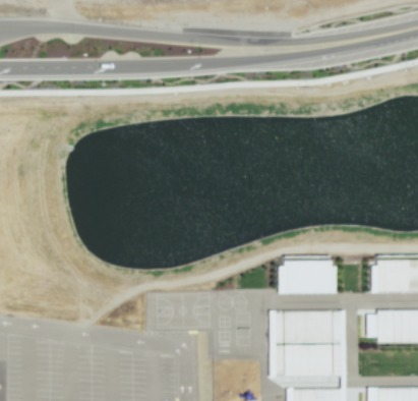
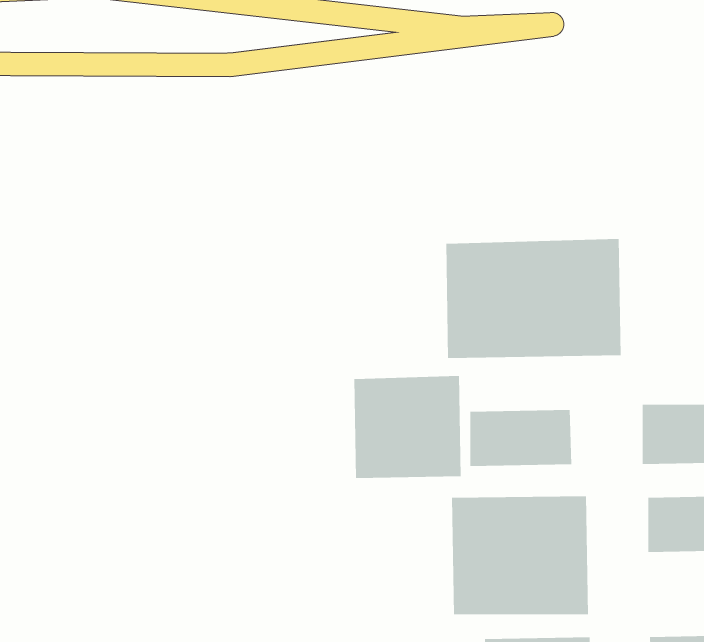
building: none -> [446,238,621,359]
building: none -> [354,375,461,479]

